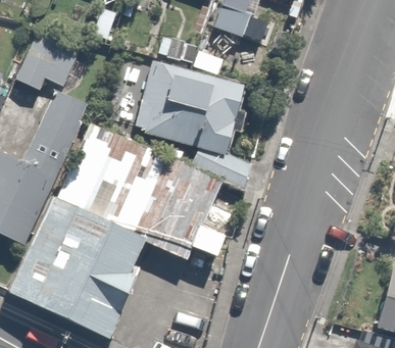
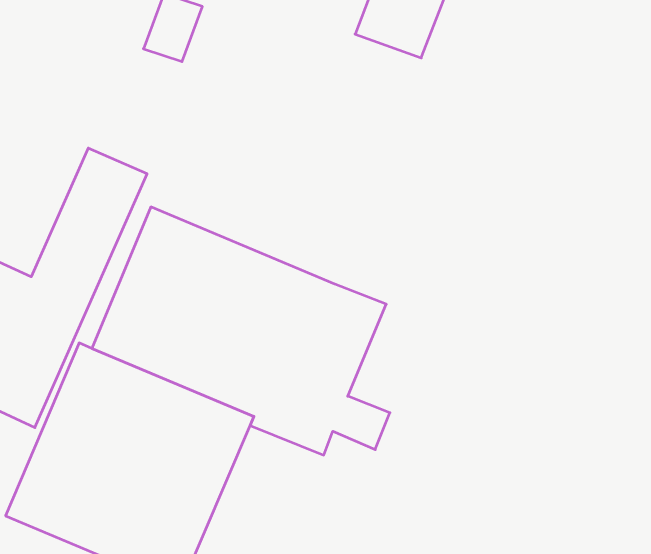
building: [17,29,83,91] -> none
building: [137,63,256,190] -> none

